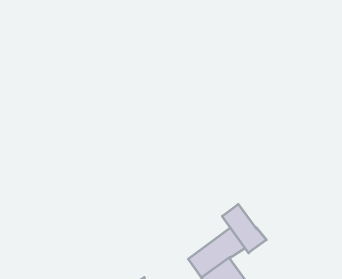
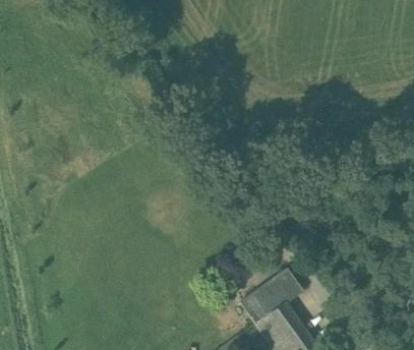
building: [222,204,266,253] -> none

